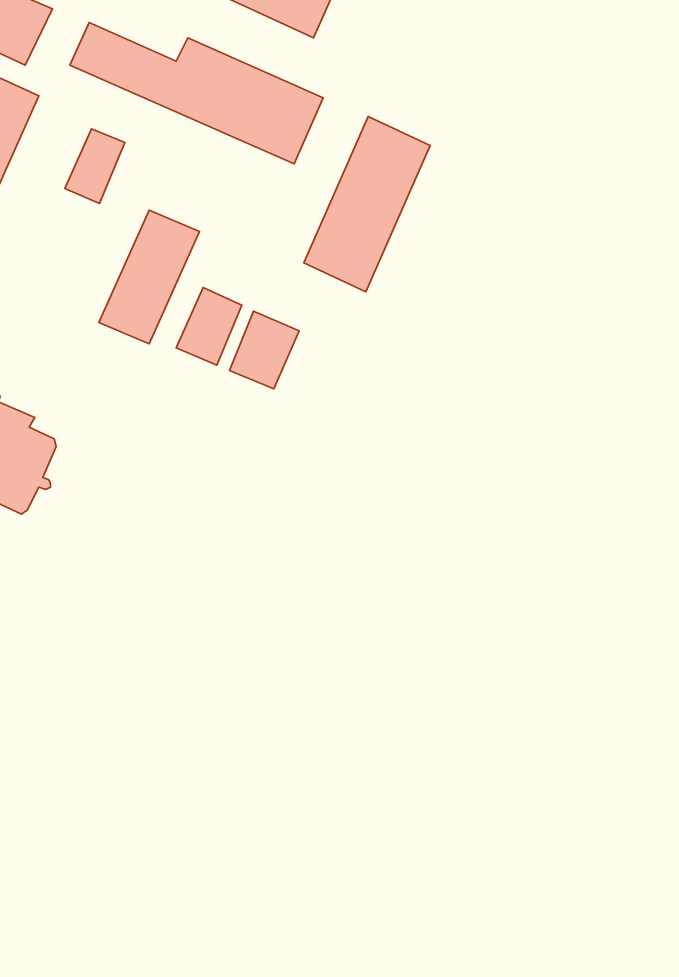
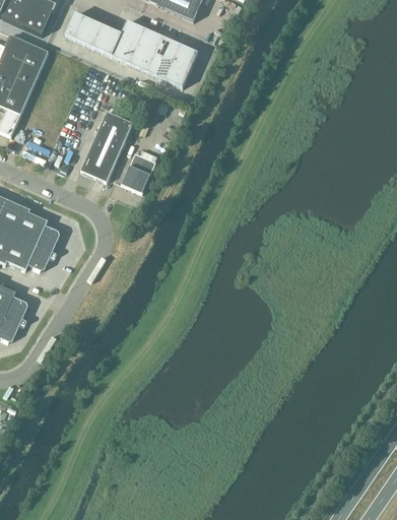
building: [304,117,430,292] -> none
building: [65,129,125,204] -> none
building: [230,311,299,389] -> none

